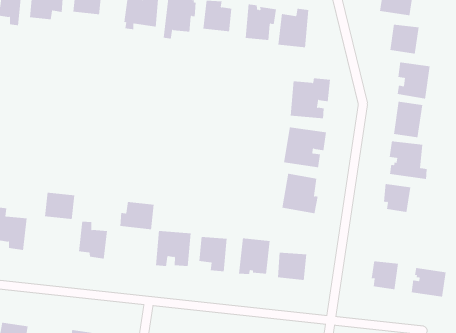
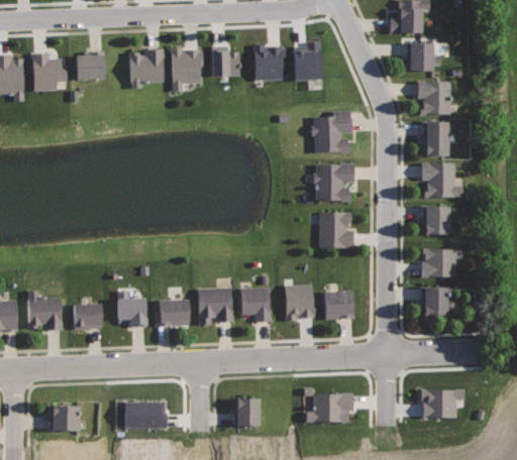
building: [44,192,75,220] -> [73,304,103,330]
building: [120,201,154,230] -> [154,300,189,327]
building: [411,267,446,297] -> [422,250,455,276]

